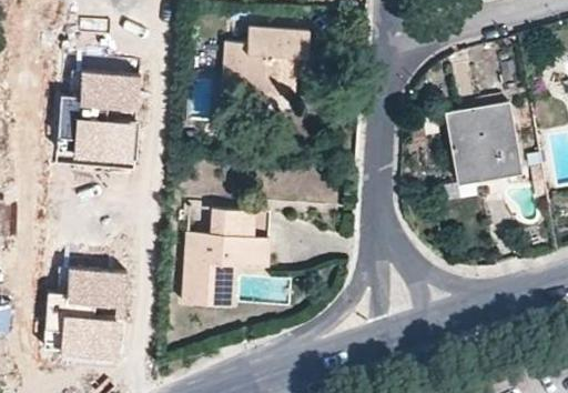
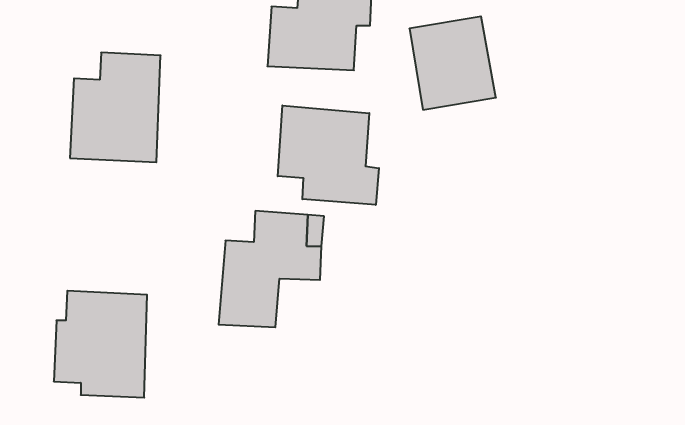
building: [448,102,519,179] -> [409,16,496,110]
building: none -> [278,105,379,205]

